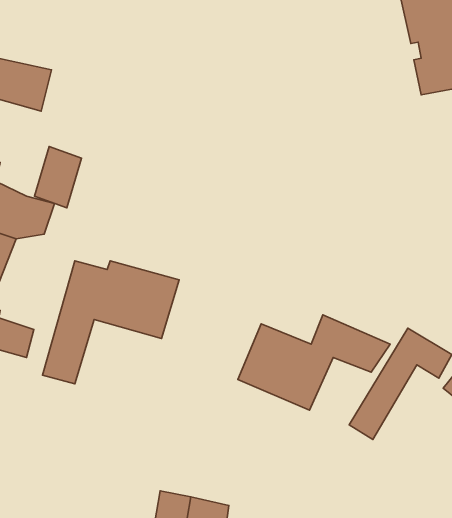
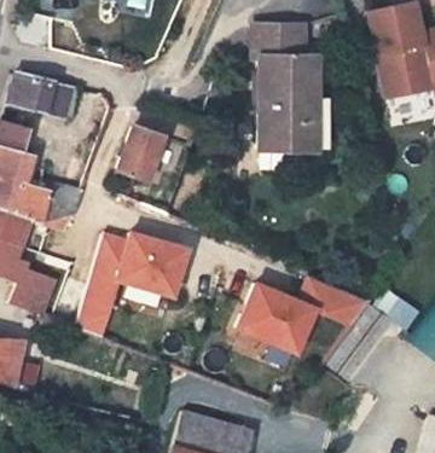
building: none -> [259,28,320,150]
building: [34,146,81,208] -> [122,132,161,182]

